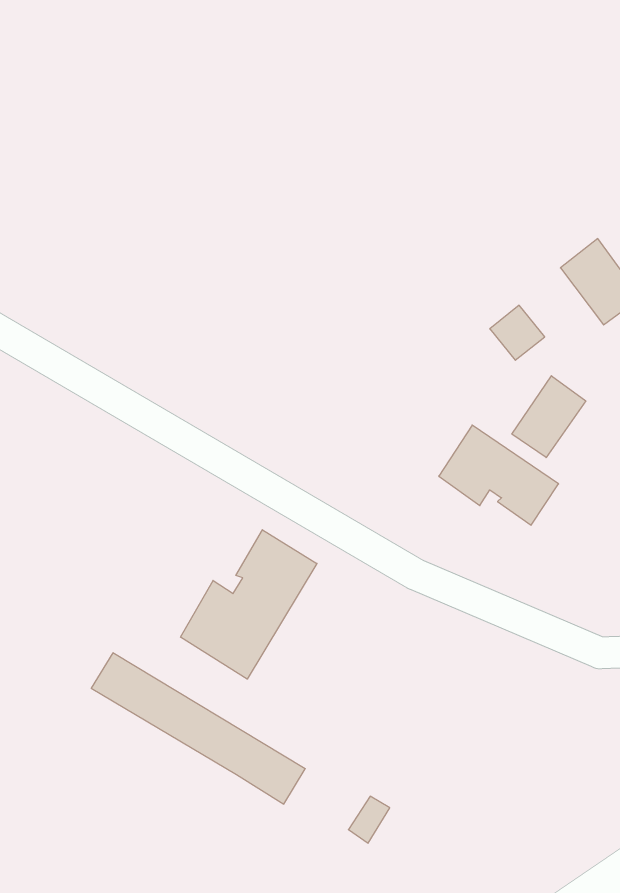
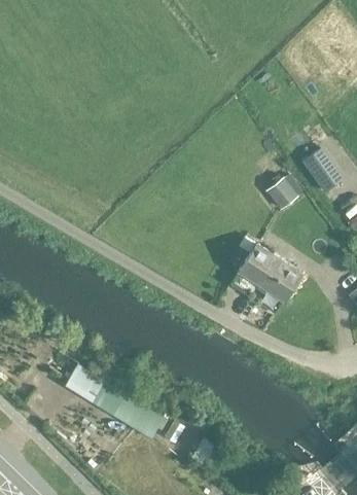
building: [512,376,586,458] -> none
building: [181,530,317,679] -> none

